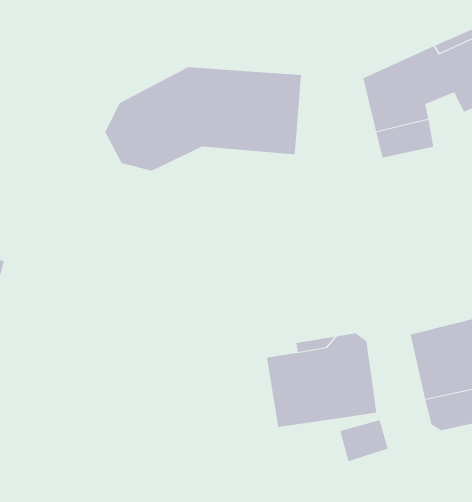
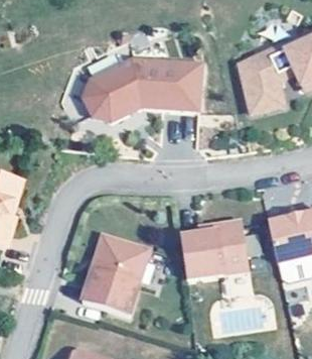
building: none -> [81,235,146,314]

